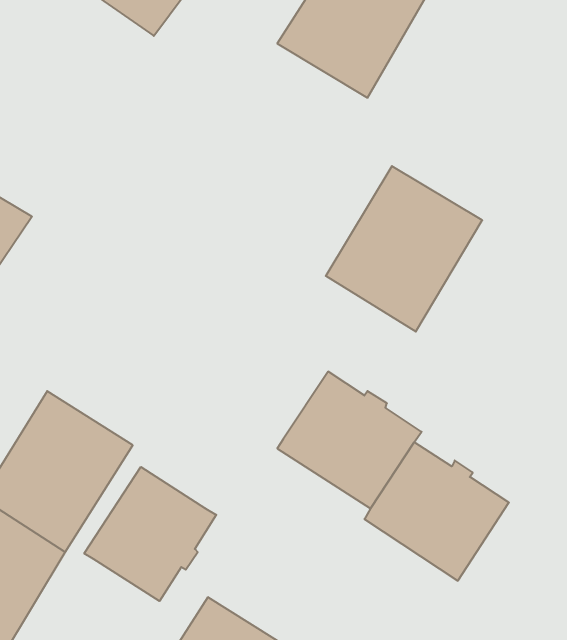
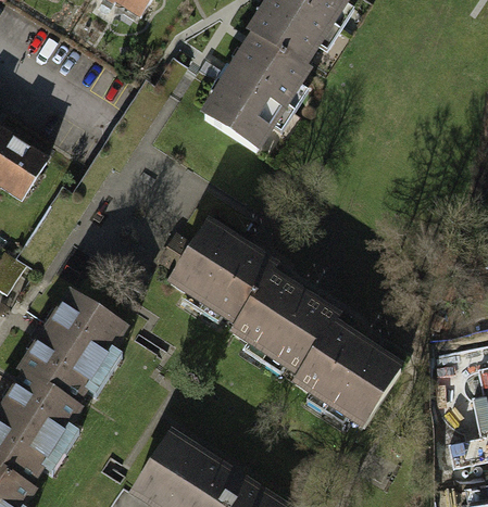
building: [326,166,482,332] -> [187,38,300,157]
building: none -> [172,224,277,324]
building: [84,467,216,601] -> none

